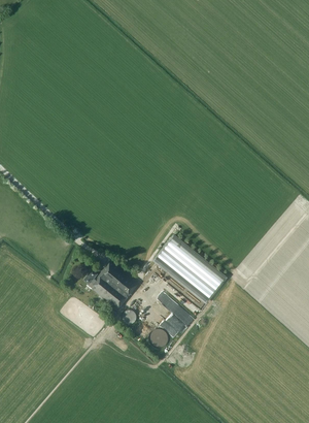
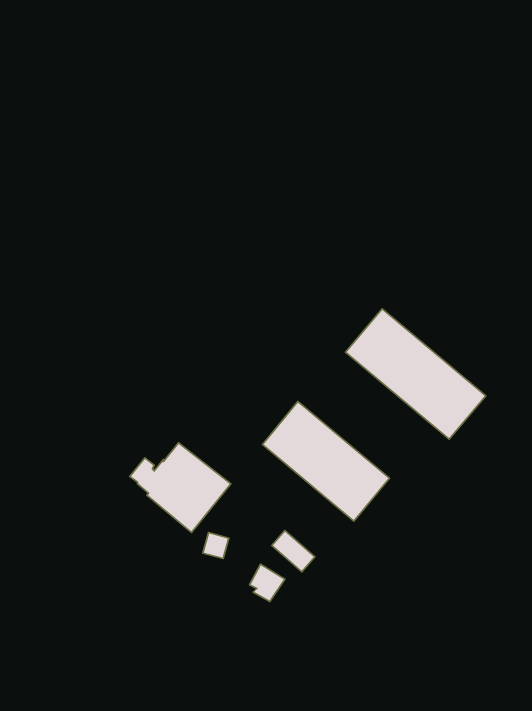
building: none -> [345,309,486,439]

